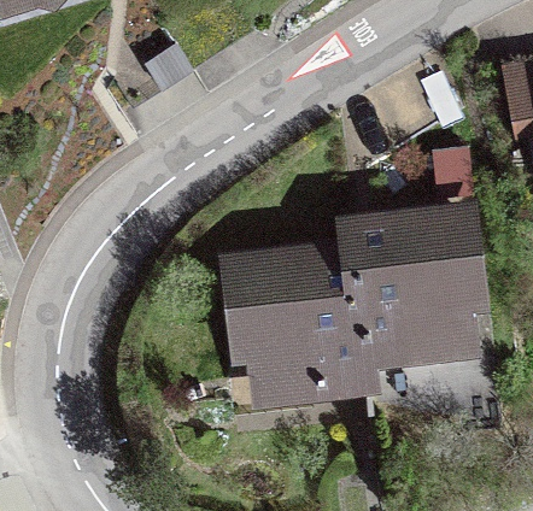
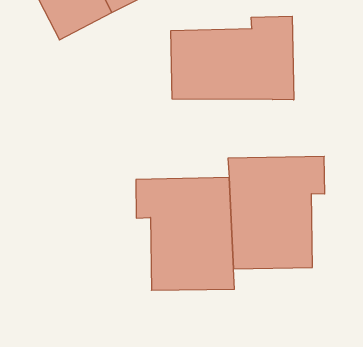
building: none -> [171,16,294,100]

